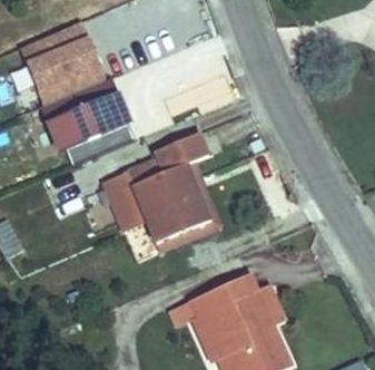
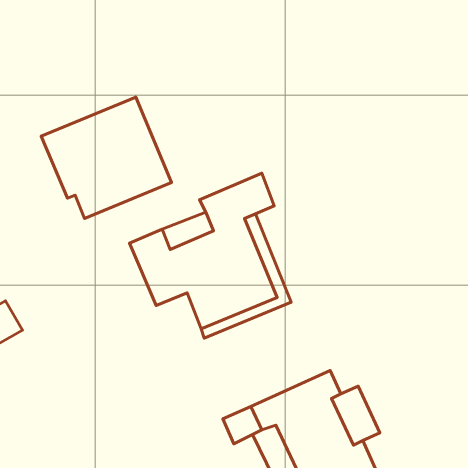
building: [21,21,103,104] -> none

